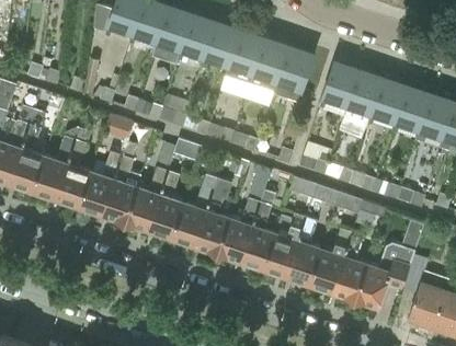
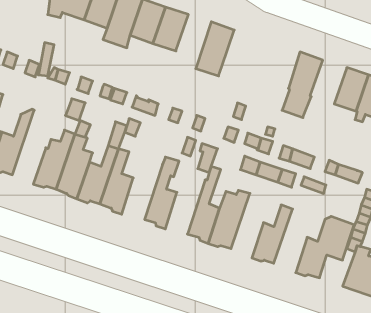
building: [225,31,265,88] -> none
building: [276,47,314,93] -> none
building: [322,62,358,108] -> none
building: [369,79,408,125] -> none
building: [56,131,91,209] -> none
building: [171,185,214,246] -> none
building: [217,200,259,262] -> none
building: [286,219,320,287] -> none
building: [331,235,366,302] -> none

